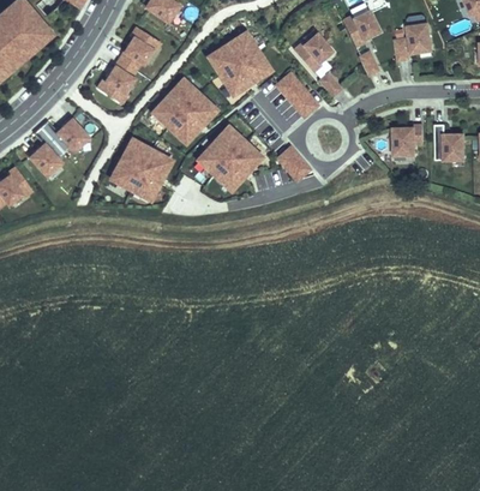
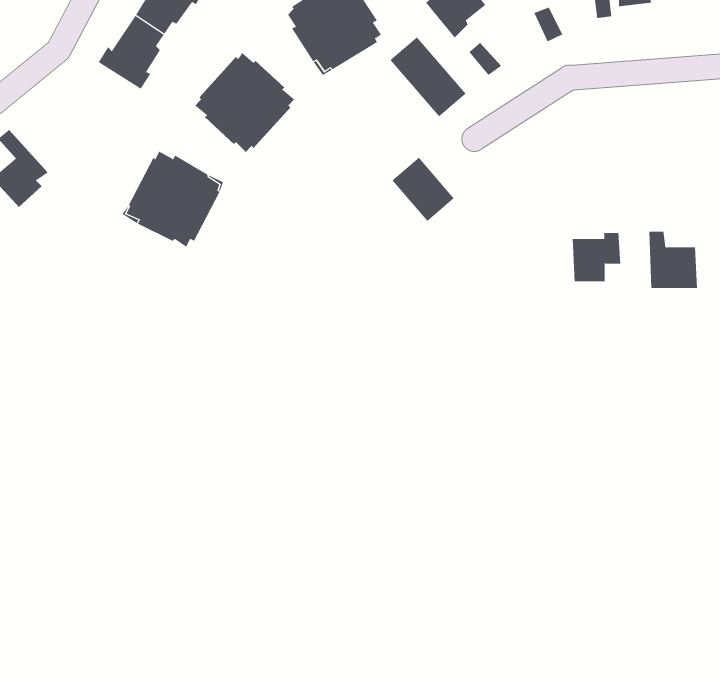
building: [41,120,88,154] -> none
building: [394,125,424,155] -> [572,232,621,282]
building: [434,125,464,160] -> [648,231,698,288]
building: [199,128,259,188] -> none

